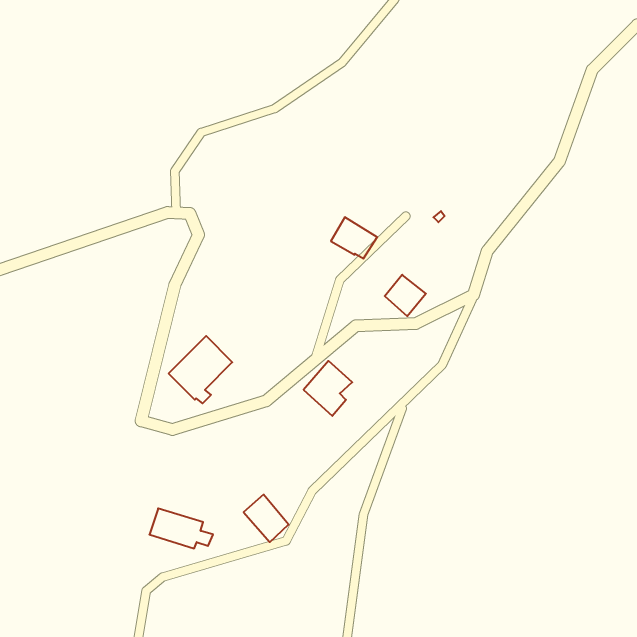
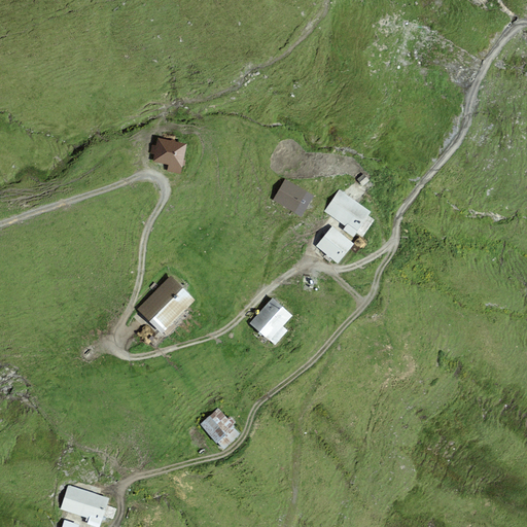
building: none -> [150,139,183,171]
building: none -> [325,190,372,234]
building: [149,508,213,548] -> [62,486,114,519]

